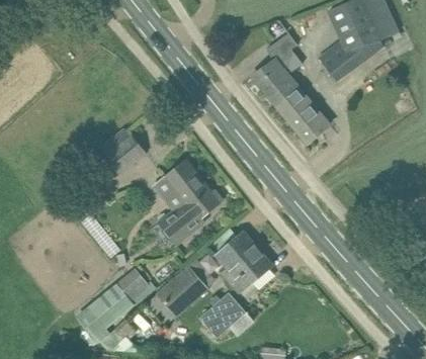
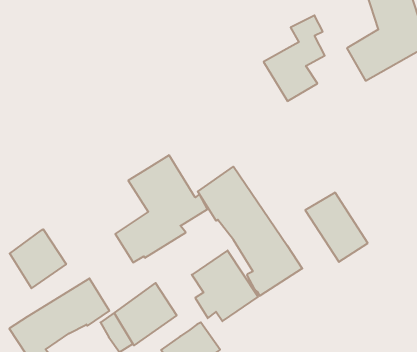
building: [275,88,329,144] -> [305,193,368,262]
building: [106,136,144,172] -> none
building: none -> [198,167,302,296]
building: none -> [10,229,66,288]

